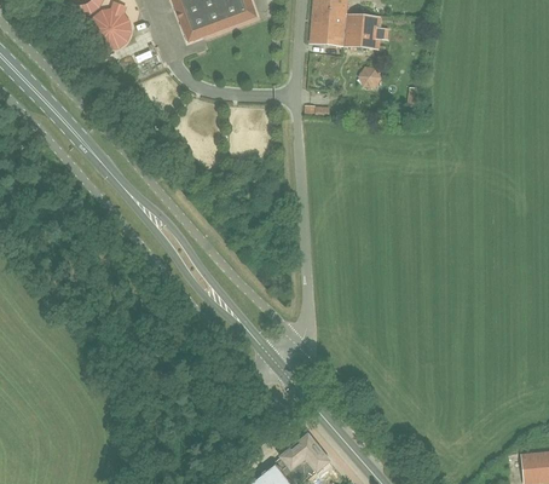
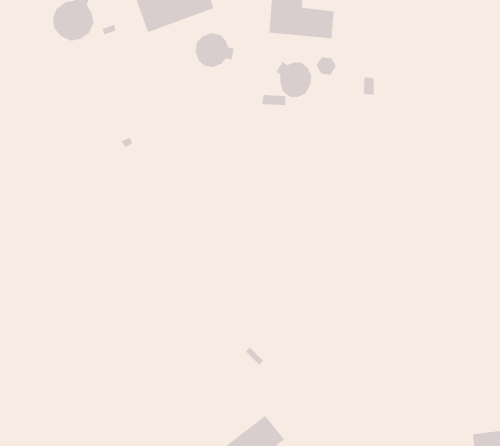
building: none -> [195,33,234,68]
building: none -> [276,60,312,98]

